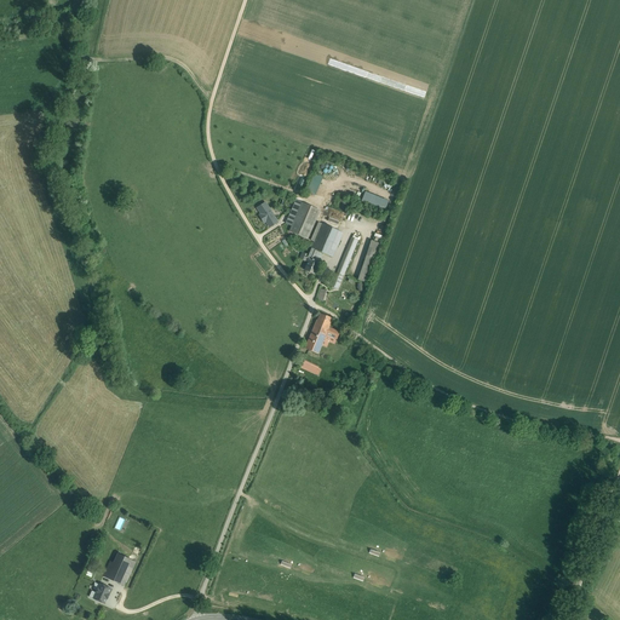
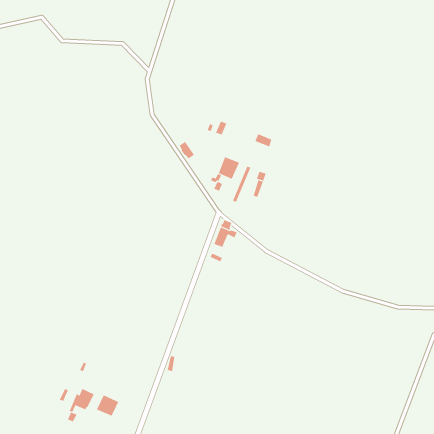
building: [288,202,318,237] -> none
building: none -> [96,395,119,417]

